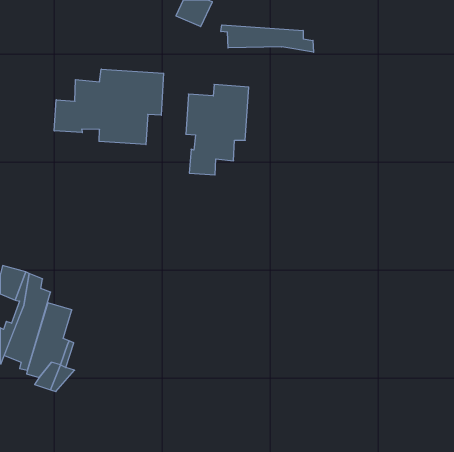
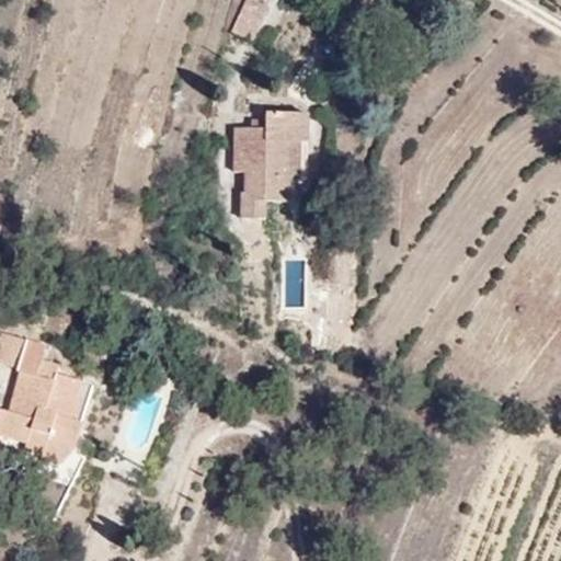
building: [221,25,314,52] -> none
building: [54,69,164,145] -> none

